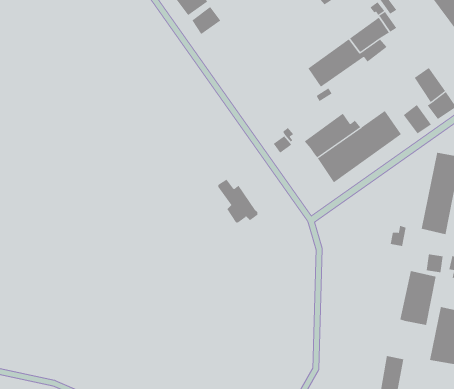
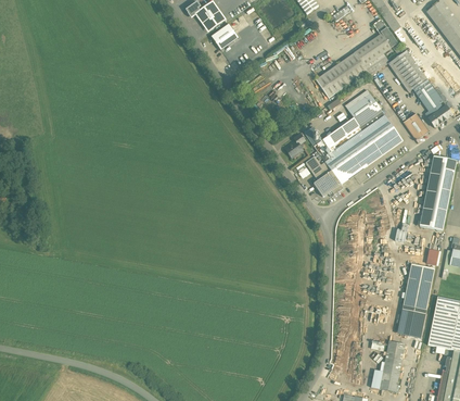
building: none -> [388,48,427,90]
building: none -> [345,89,387,133]
building: [217,179,258,223] -> [306,155,343,196]
building: none -> [399,309,425,334]

